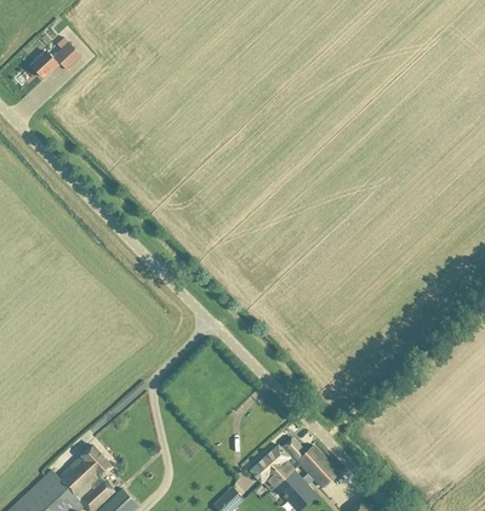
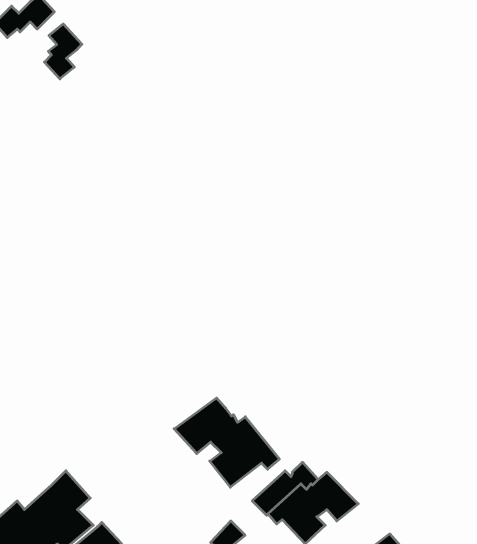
building: none -> [44,24,82,79]
building: none -> [174,398,279,487]

